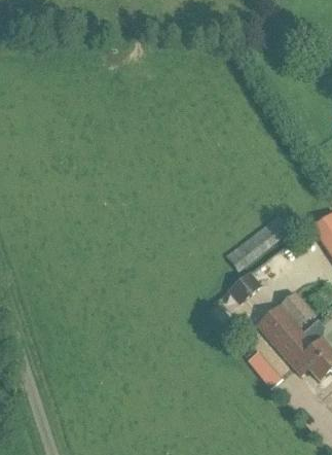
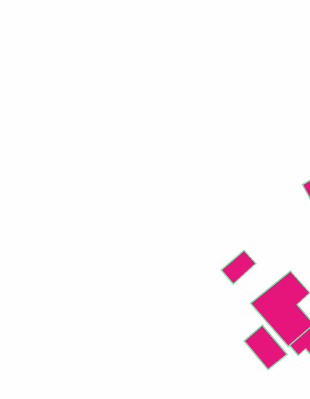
building: [226,215,291,272] -> none

